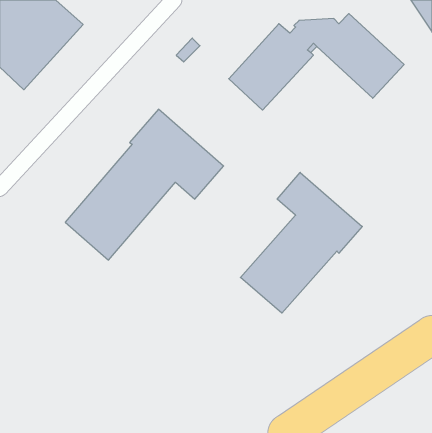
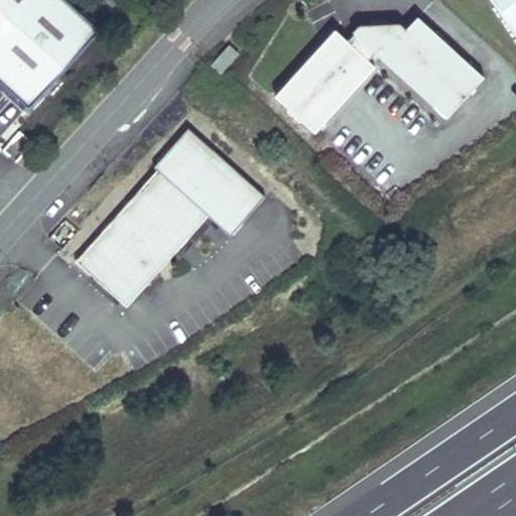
building: [240,172,362,313] -> none

